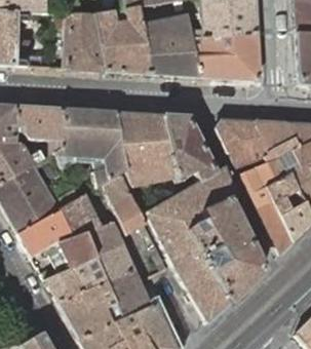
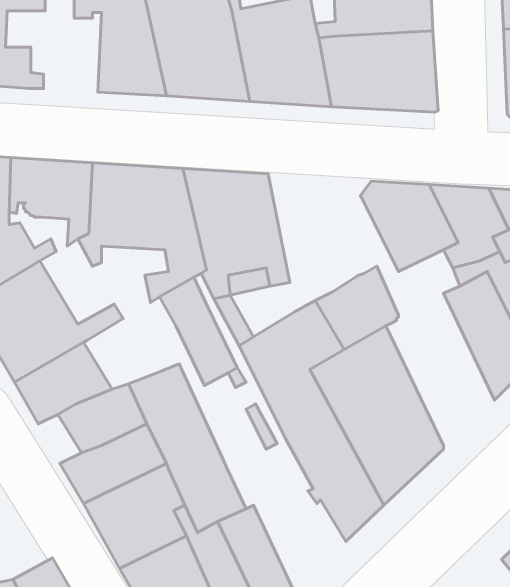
building: [163,114,215,181] -> none
building: [239,161,291,255] -> none
building: [59,193,103,236] -> none

